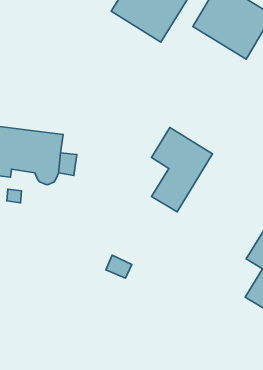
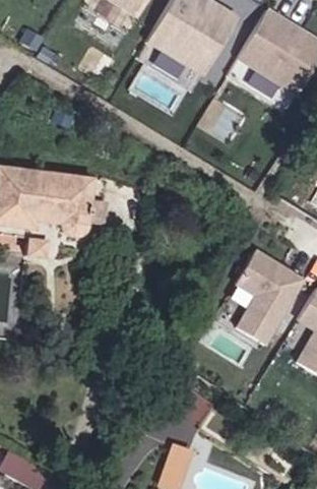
building: [152,128,212,212] -> [235,250,303,345]

